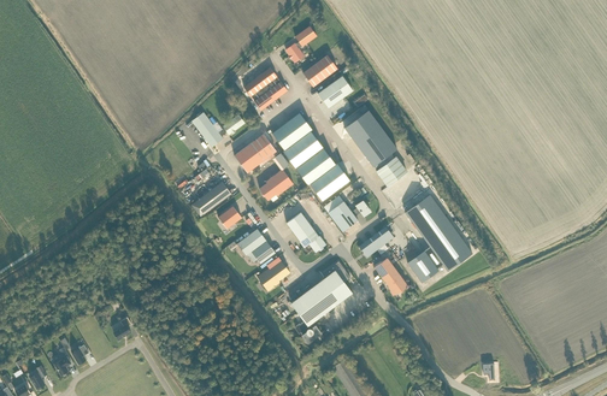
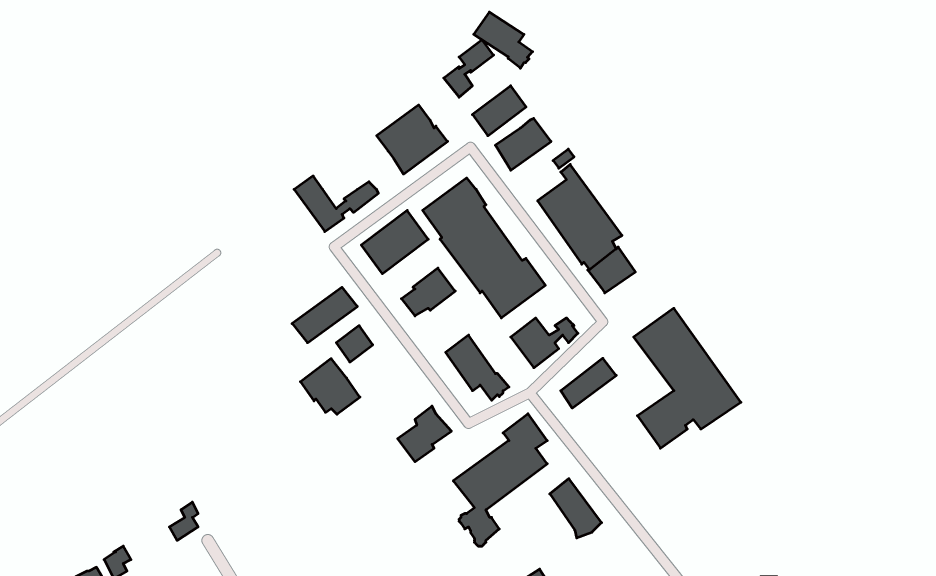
building: none -> [474,12,533,68]
building: [237,229,275,264] -> [300,359,360,414]
building: [375,258,407,295] -> [550,479,602,538]

